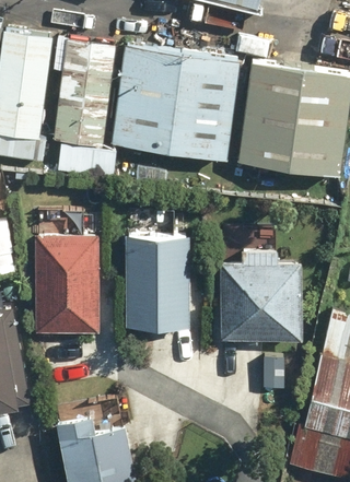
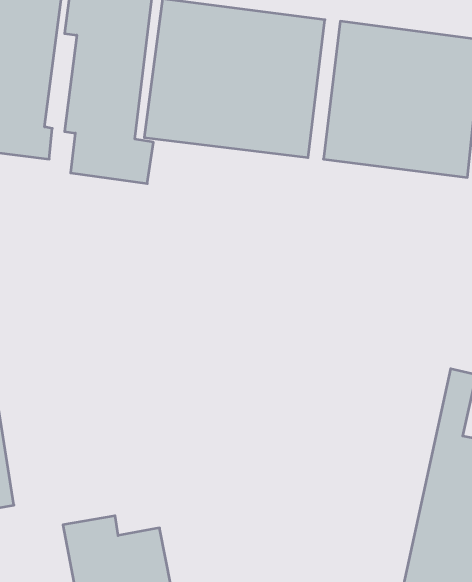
building: [32,232,97,333] -> none
building: [122,233,190,329] -> none
building: [219,260,299,340] -> none

